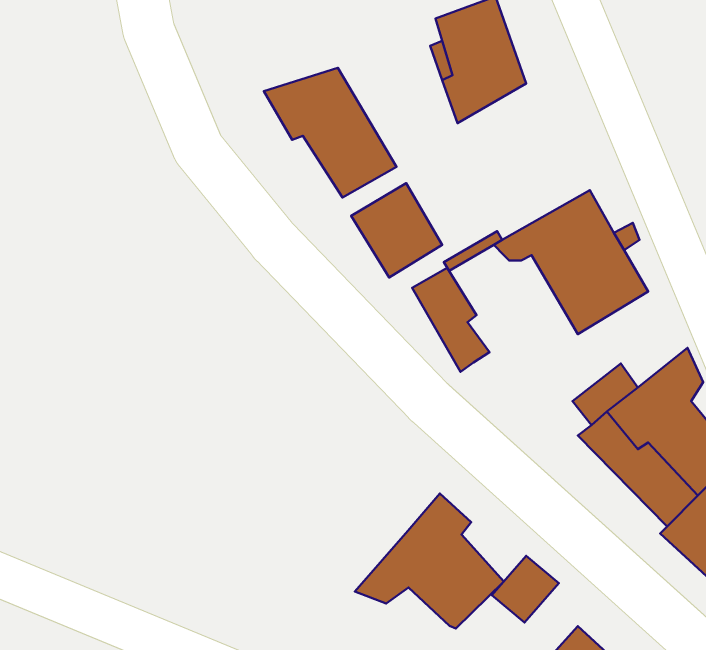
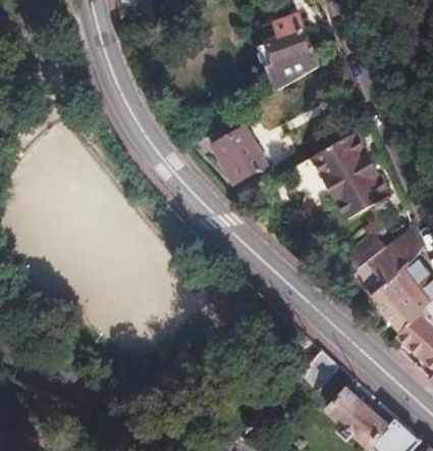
building: [264,68,396,197] -> none
building: [412,268,489,372] -> none
building: [355,493,504,629] -> none

